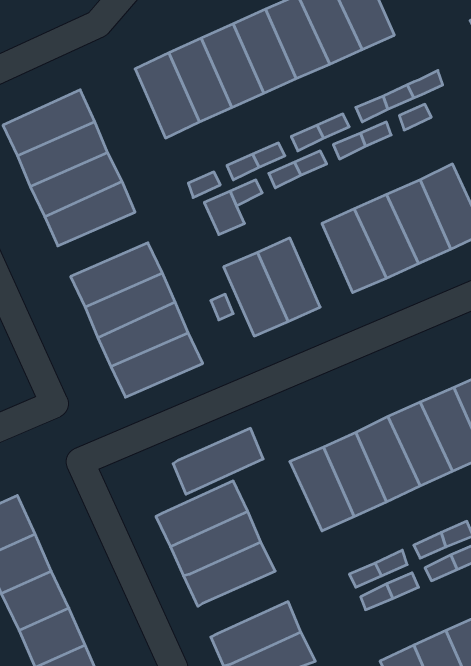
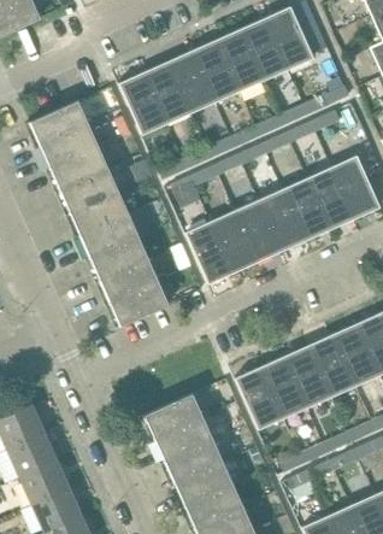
building: none -> [61,190,129,239]
building: none -> [235,199,282,262]
building: [173,428,263,494] -> [166,459,234,509]

